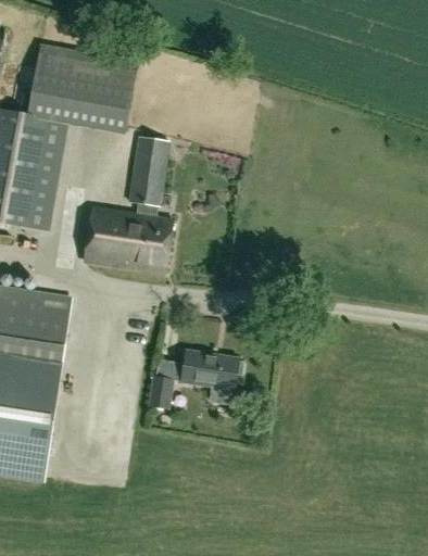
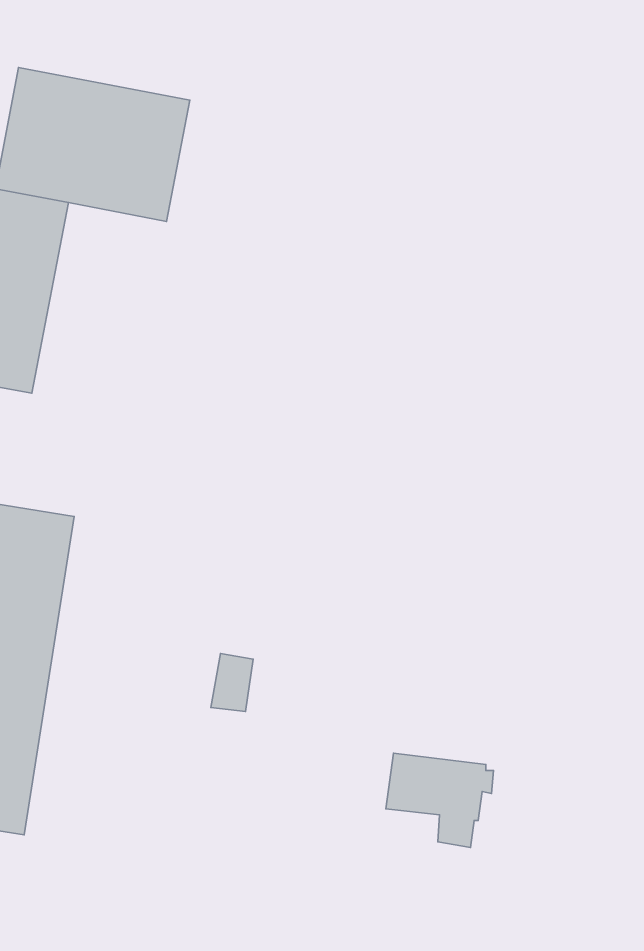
building: [84,137,172,271] -> none
building: [181,351,242,404] -> [386,753,494,848]

